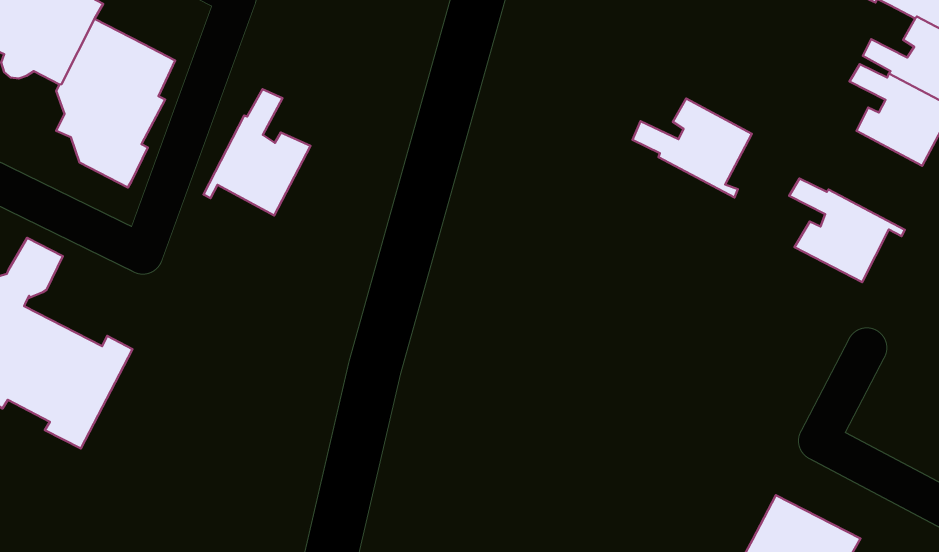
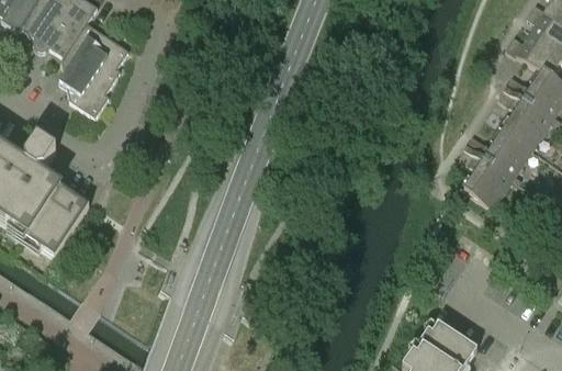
building: [204,89,311,216] -> none
building: [633,98,752,198] -> [467,124,532,181]

